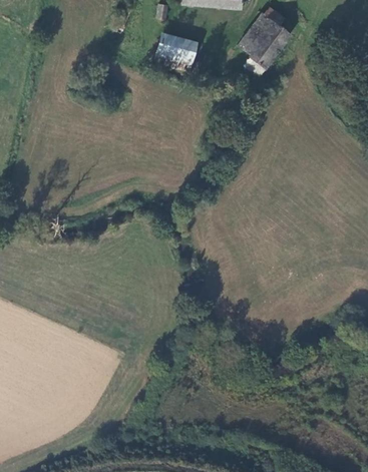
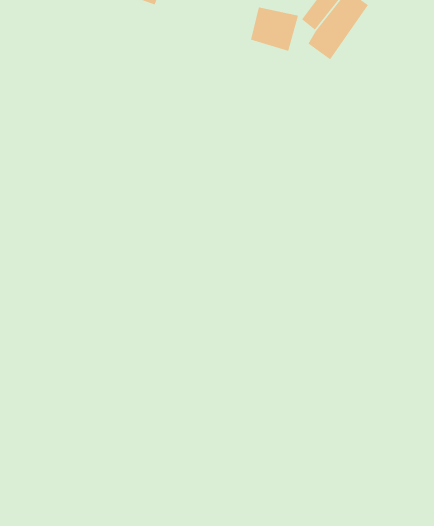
building: [156,35,195,70] -> [250,7,299,51]

